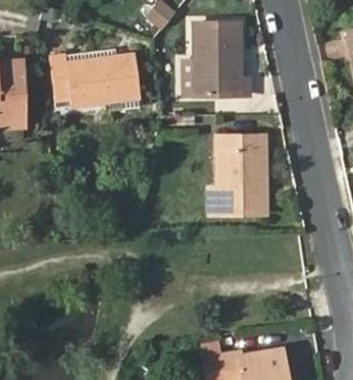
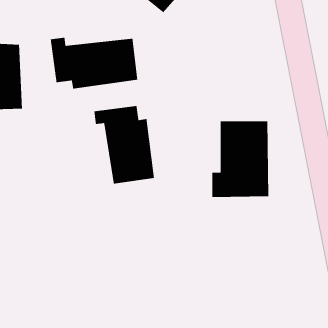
building: [195,23,250,94] -> none
building: none -> [93,105,155,185]

